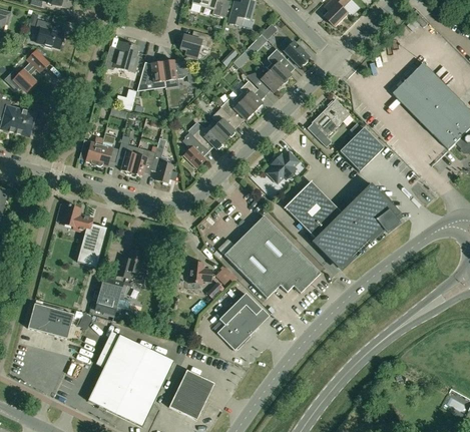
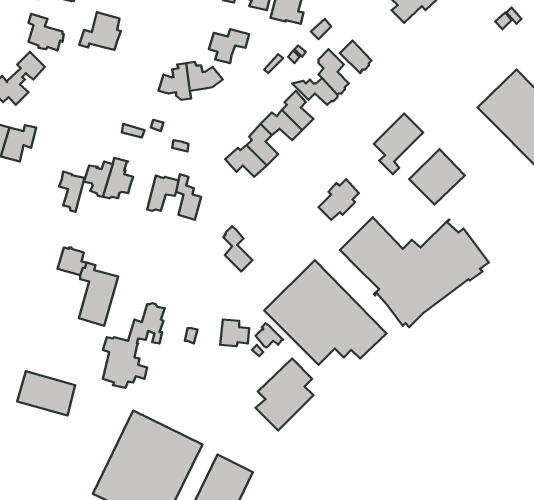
building: [105,41,138,71] -> [79,12,121,50]
building: [182,131,205,167] -> [223,226,252,271]
building: [117,142,137,174] -> [59,172,84,212]

